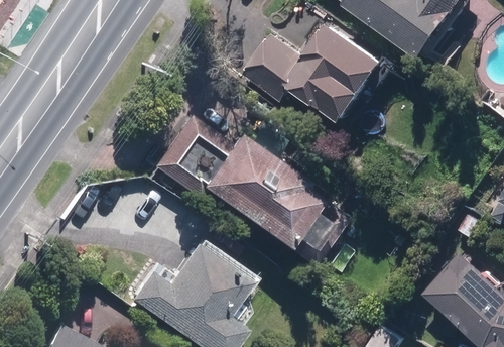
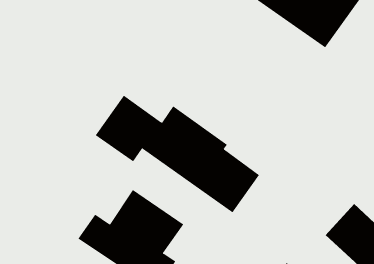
building: [249,22,391,125] -> none

